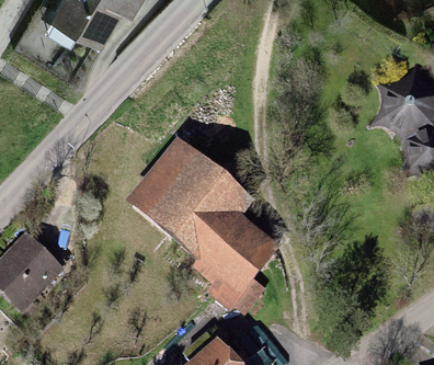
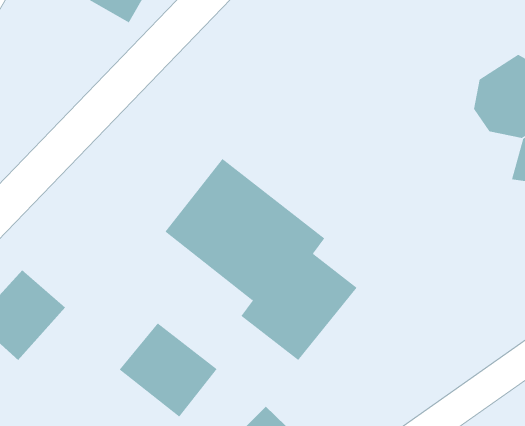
building: none -> [119,322,217,417]

